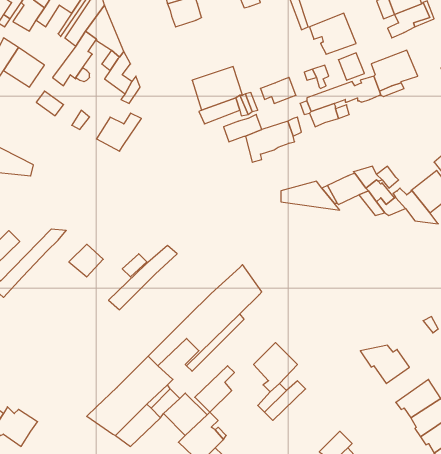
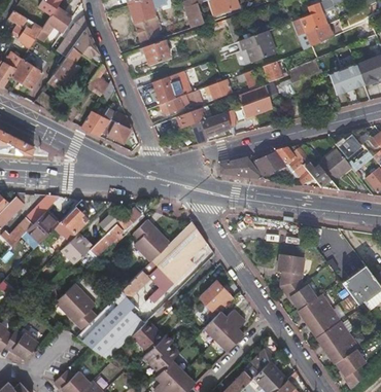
building: none -> [143,40,170,66]
building: none -> [102,110,133,142]
building: none -> [26,211,57,243]
building: none -> [133,220,168,260]
building: none -> [63,231,92,259]
building: none -> [277,254,305,286]
building: none -> [56,281,97,328]
building: none -> [300,294,332,325]
building: [195,366,234,412] -> [214,315,244,350]

